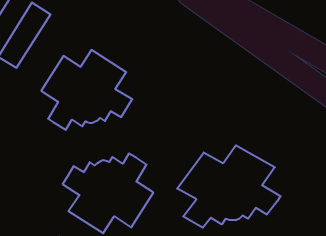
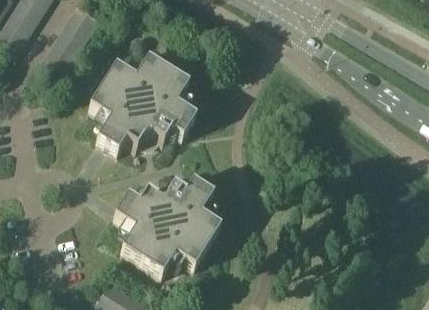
building: [177,145,281,228] -> none

